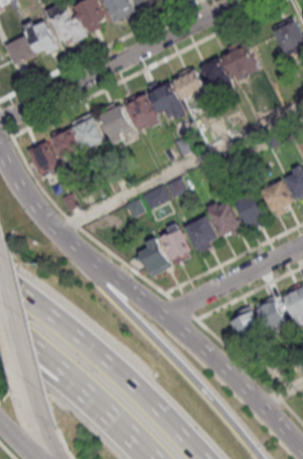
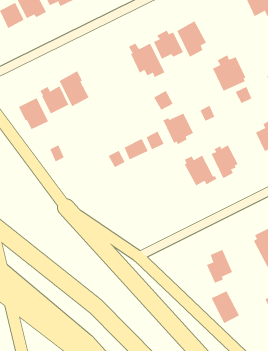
building: [221,41,259,82] -> [212,55,246,92]
building: [123,95,161,129] -> none
building: [100,103,133,145] -> none
building: [261,181,294,217] -> none
building: [183,218,217,253] -> [162,113,194,145]
building: [160,225,190,266] -> none
building: [138,240,169,278] -> none
building: [254,297,285,333] -> [211,291,240,324]

